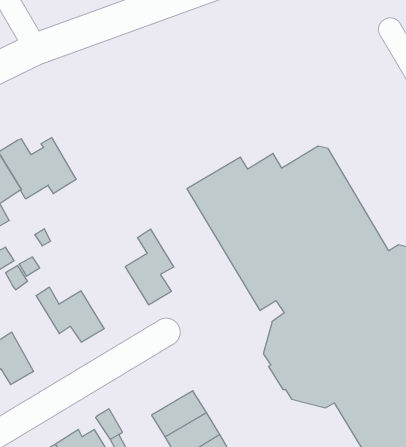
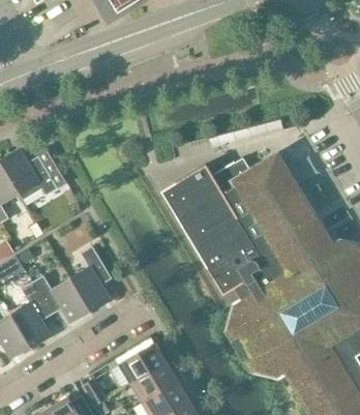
building: [125,229,174,305] -> [70,246,112,310]
building: none -> [11,283,52,347]
building: none -> [118,343,166,384]

